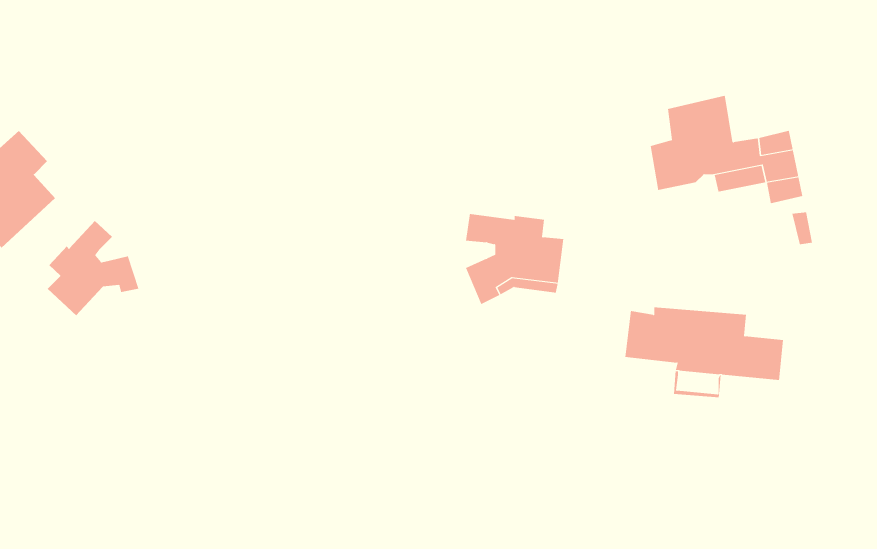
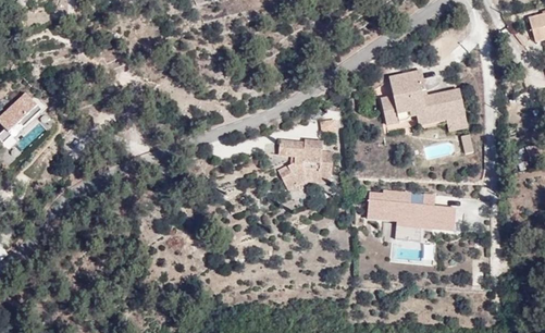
building: [47,220,139,316] -> none

